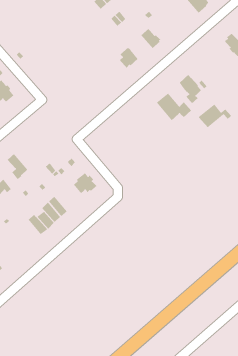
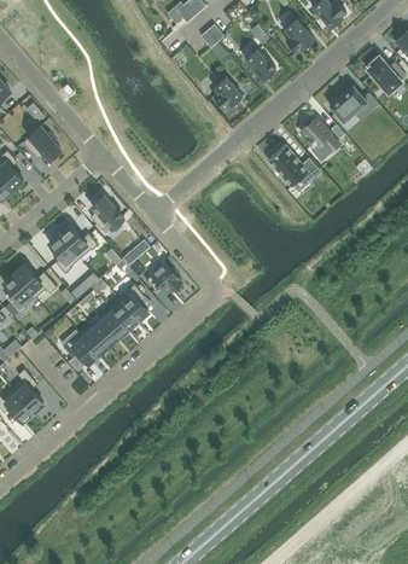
building: none -> [285,18,315,53]
building: [198,104,232,128] -> [330,86,379,122]
building: none -> [91,196,124,229]
building: none -> [60,223,99,258]
building: none -> [120,284,148,320]
building: none -> [63,332,99,365]

